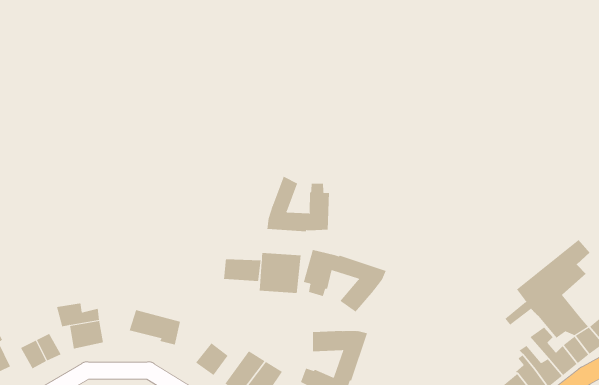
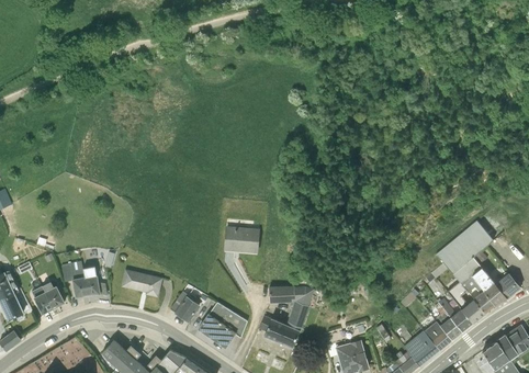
building: [267,176,330,232] -> none
building: [303,249,387,313] -> none
building: [223,259,261,282] -> none

